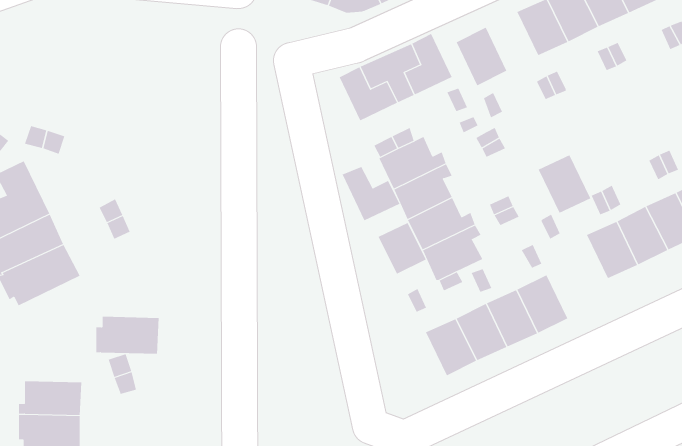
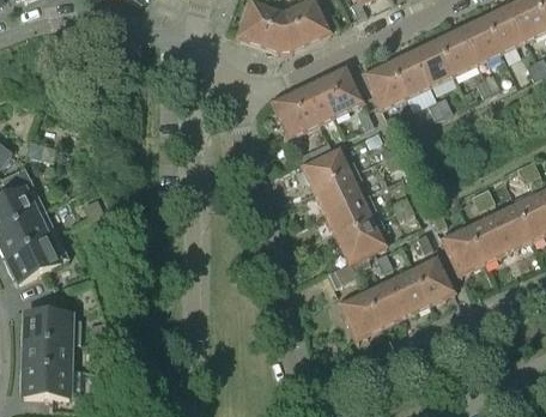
building: none -> [388,50,429,97]
building: [538,154,591,214] -> [442,226,484,273]
building: [342,166,400,221] -> none
building: [378,222,427,274] -> none
building: [96,316,159,354] -> [20,313,71,343]

